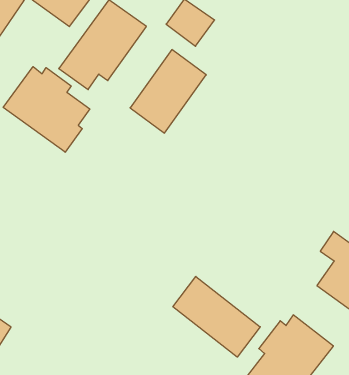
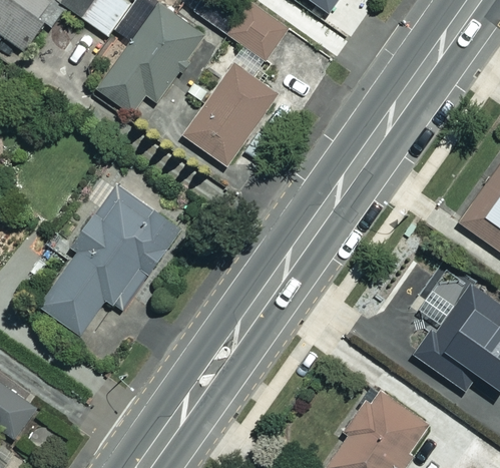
building: [3,67,90,152] -> none
building: none -> [38,184,179,335]
building: [173,276,260,357] -> none

